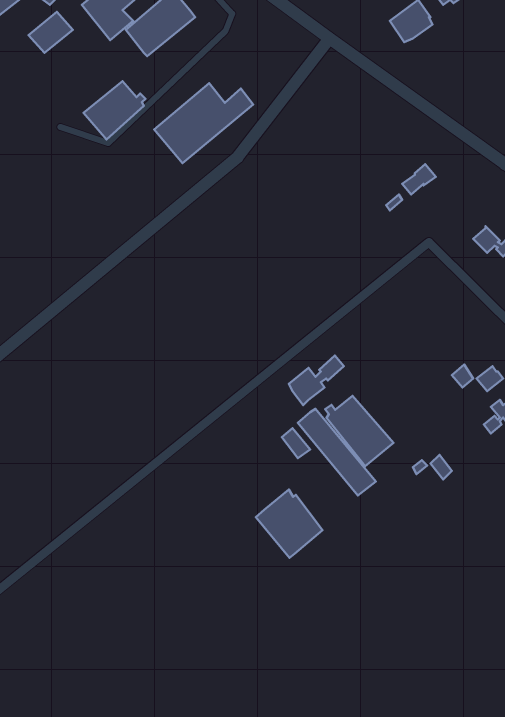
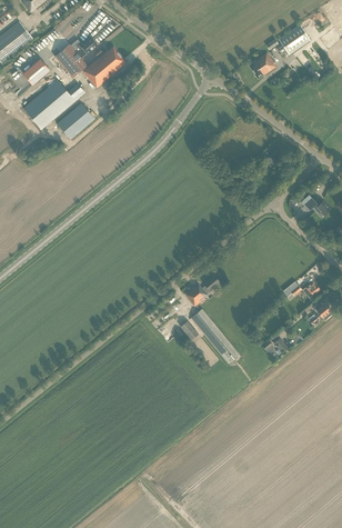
building: [154,83,253,163] -> [22,80,84,130]
building: [325,396,393,466] -> none
building: [256,489,322,558] -> none

